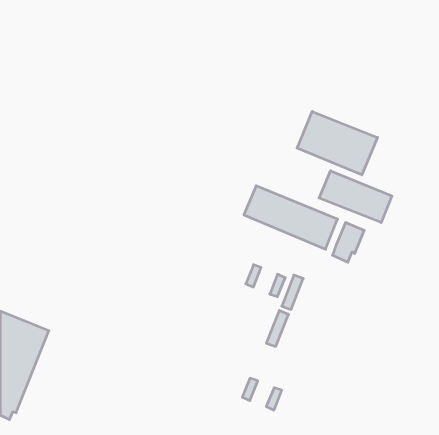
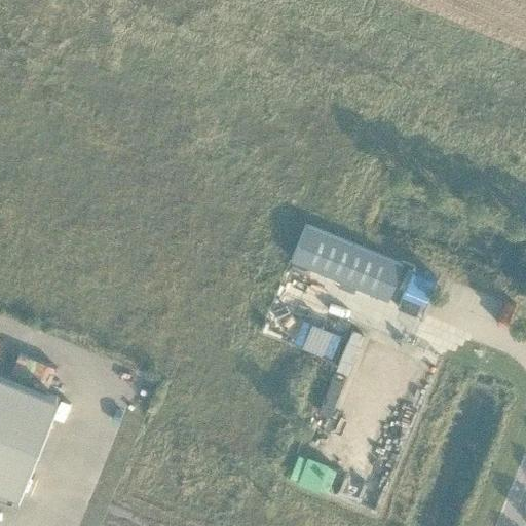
building: [297,111,378,175] -> none
building: [319,171,392,223] -> none

